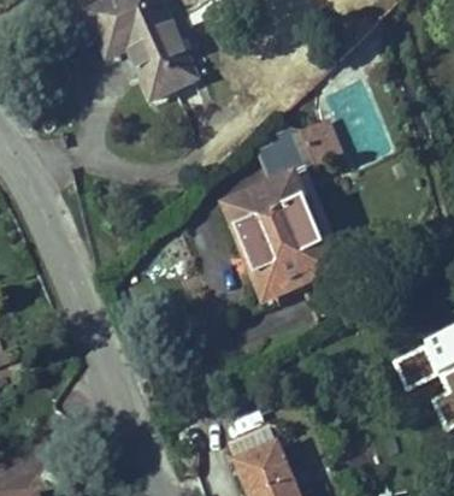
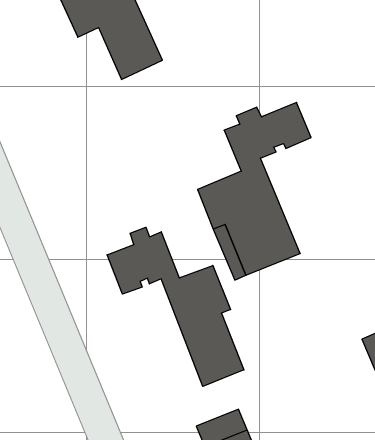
building: none -> [107,227,244,386]

